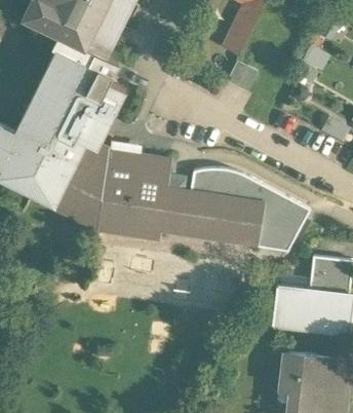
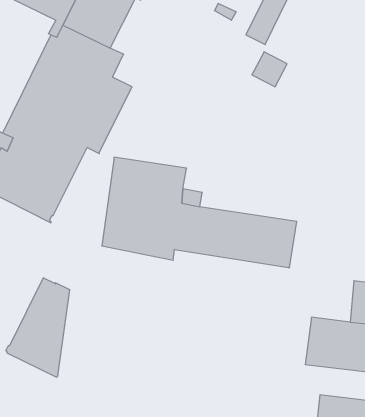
building: [54,143,109,227] -> [6,278,70,377]
building: [189,170,310,254] -> none

